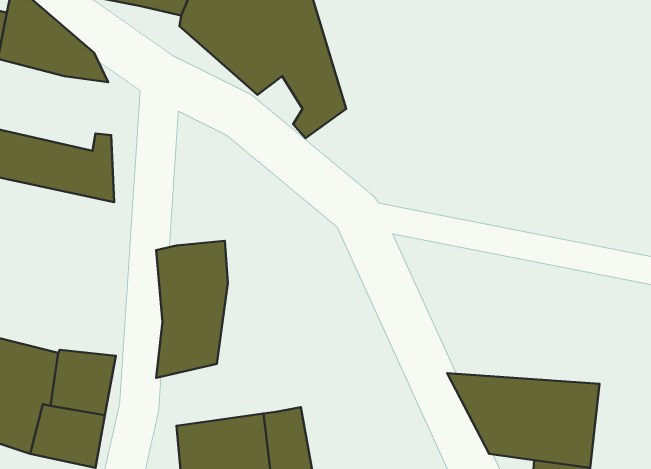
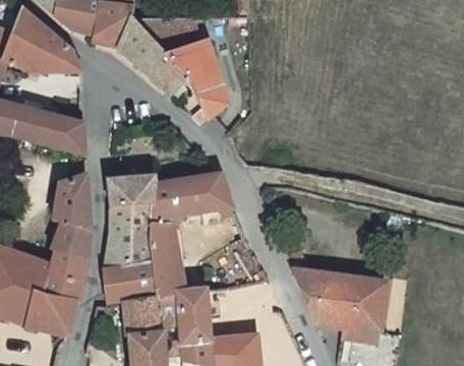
building: none -> [45,176,83,259]
building: none -> [104,176,234,307]

